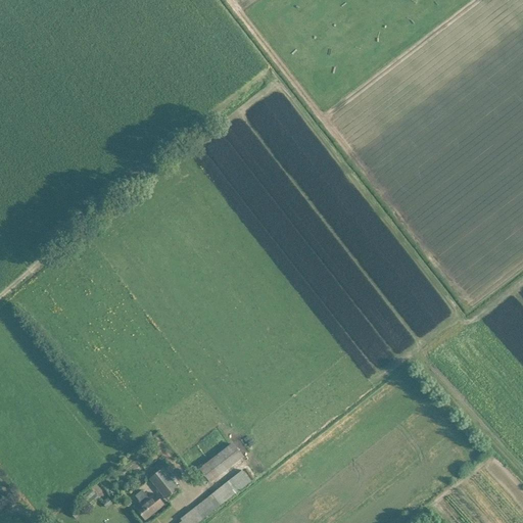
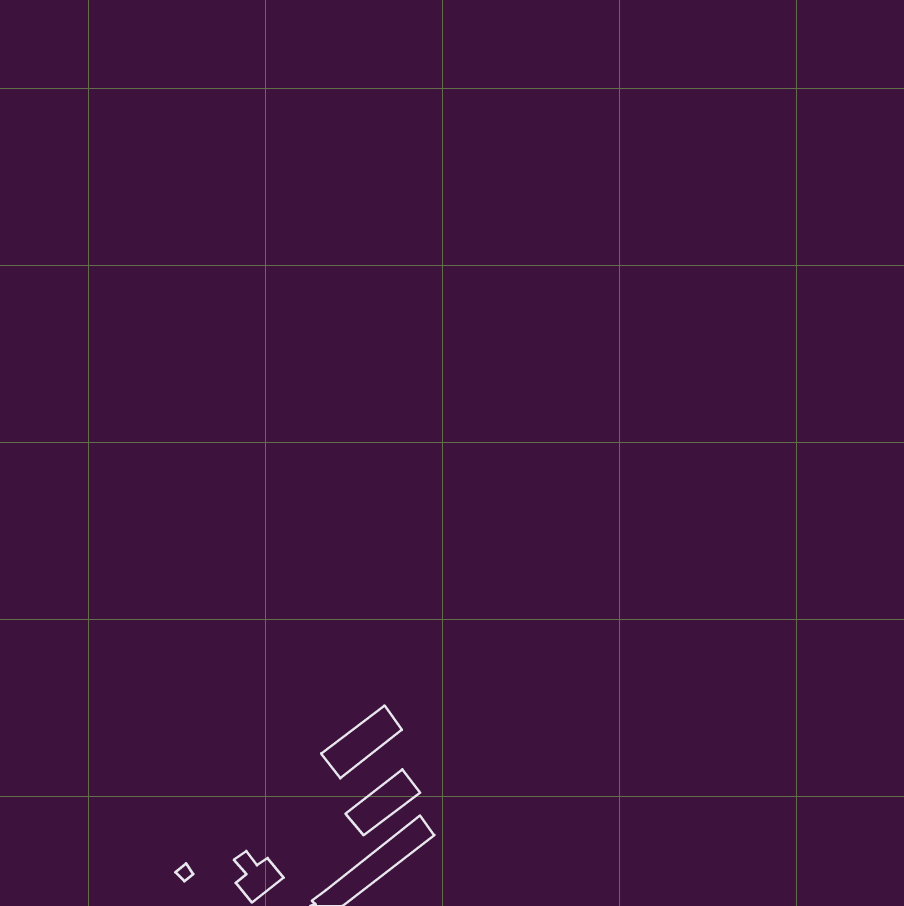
building: none -> [321,706,402,778]
building: [149,469,178,498] -> none

